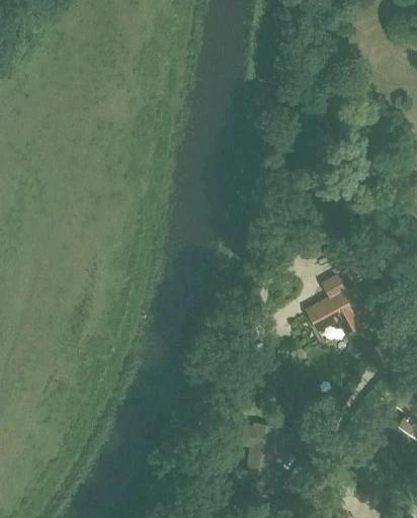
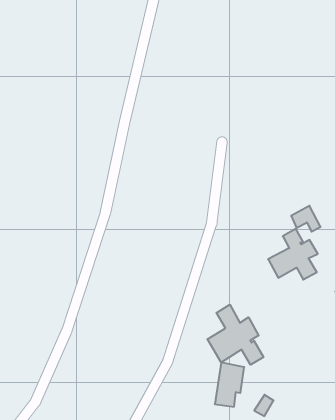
building: none -> [207,305,263,365]

